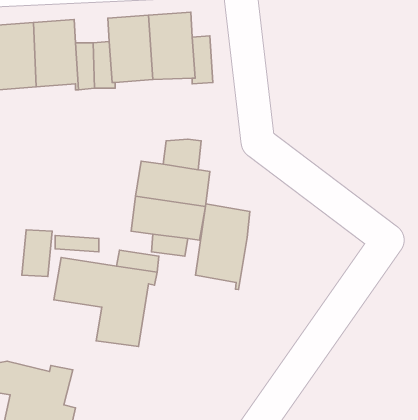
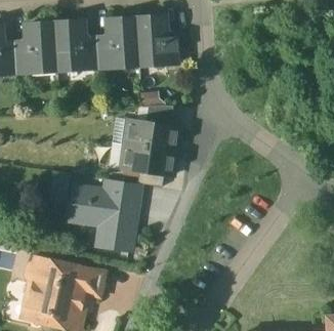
building: [195,204,250,289] -> none
building: none -> [76,267,105,297]

